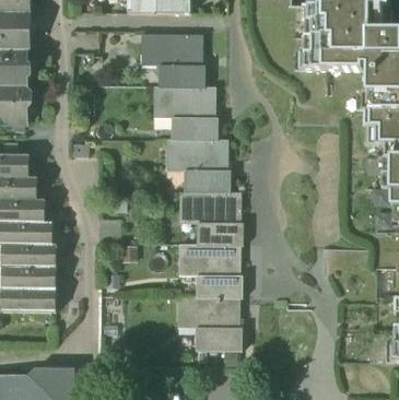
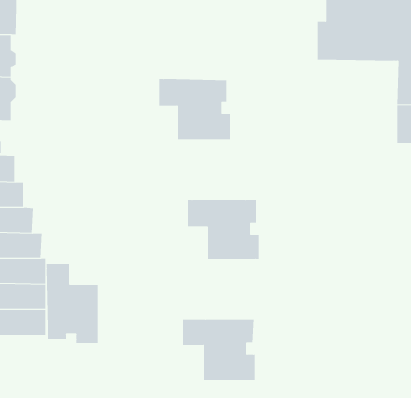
building: [140,34,204,87] -> none
building: [166,140,231,192] -> none
building: [178,245,242,297] -> none
building: none -> [46,263,98,344]

